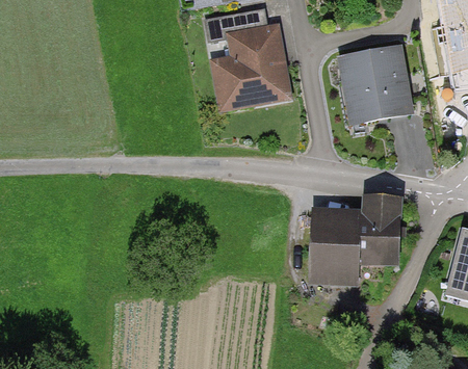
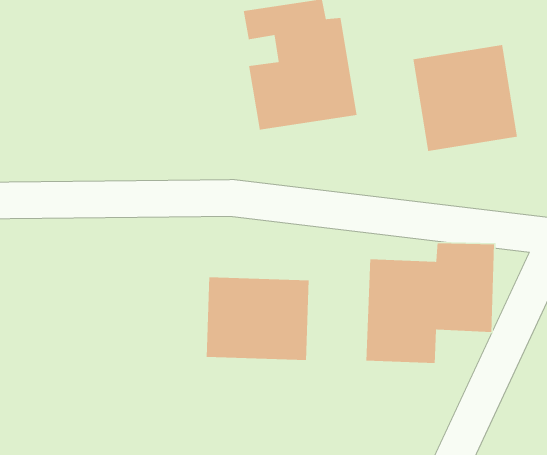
building: none -> [206,276,309,361]

